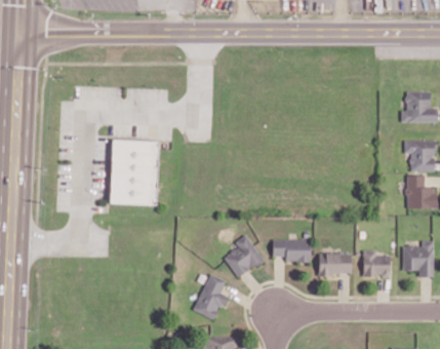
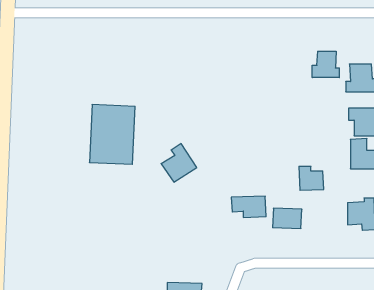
building: none -> [312,51,339,78]
building: [224,234,264,277] -> [161,144,197,182]
building: [362,250,390,277] -> [299,166,324,190]
building: [194,273,229,319] -> none

